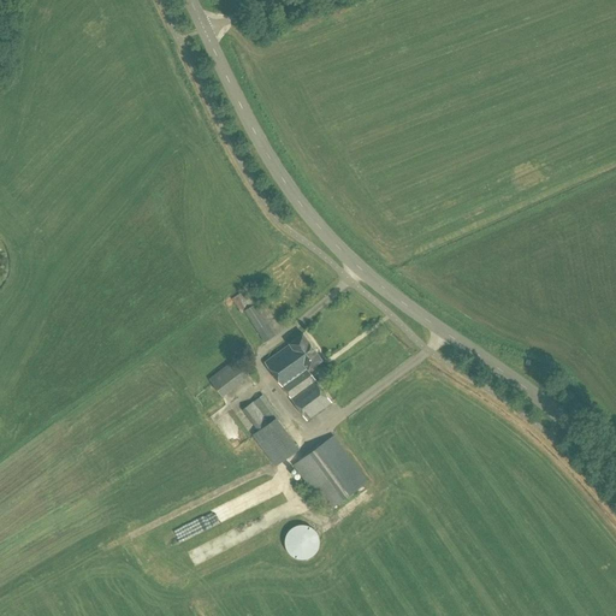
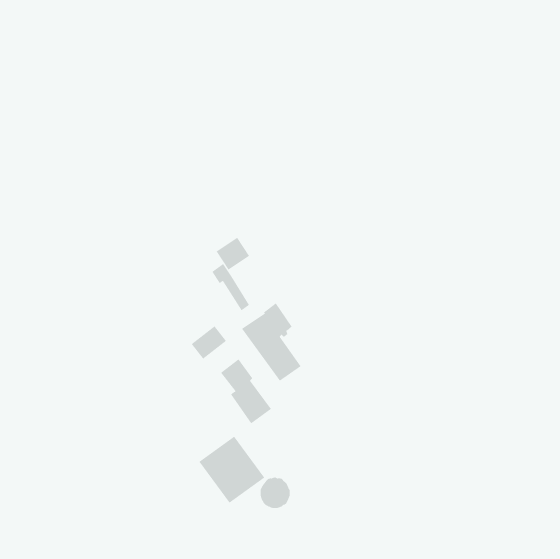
building: none -> [216,237,250,270]
building: [294,436,367,510] -> [198,436,265,504]

